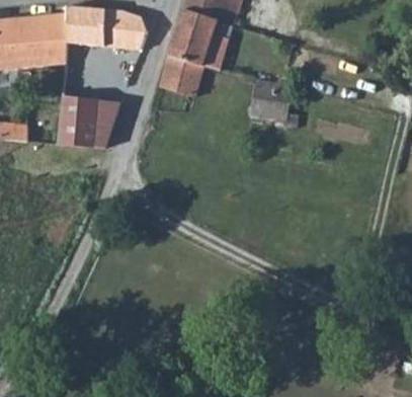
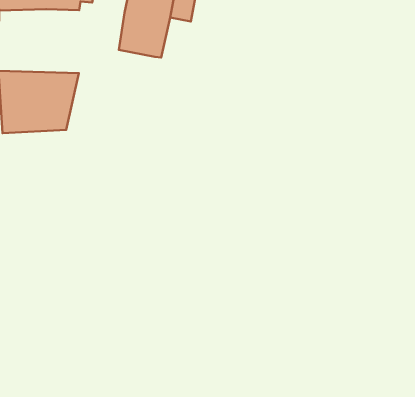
building: [247,79,294,131] -> none

